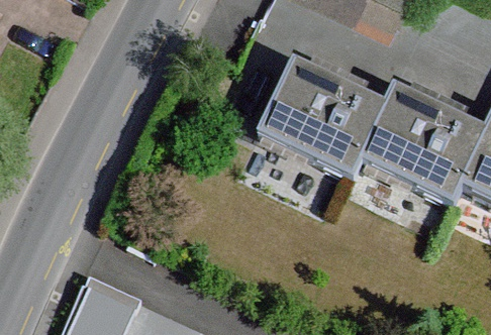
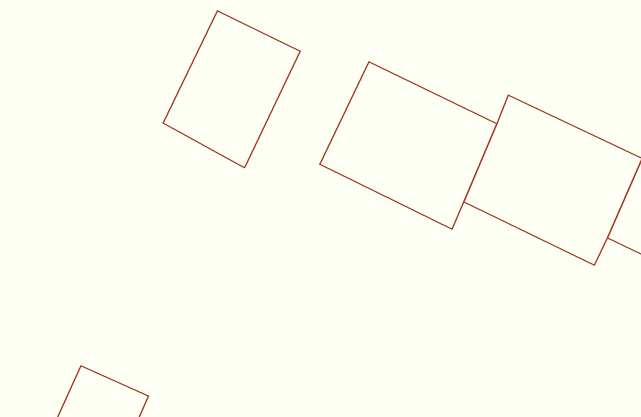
building: none -> [163,11,300,168]

